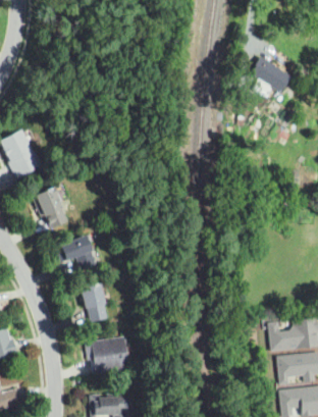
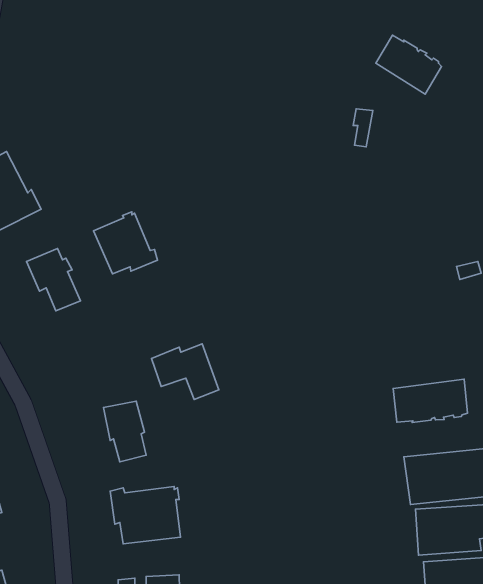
building: none -> [93,212,158,274]
building: [54,237,96,271] -> [151,344,219,400]
building: none -> [393,379,468,422]

